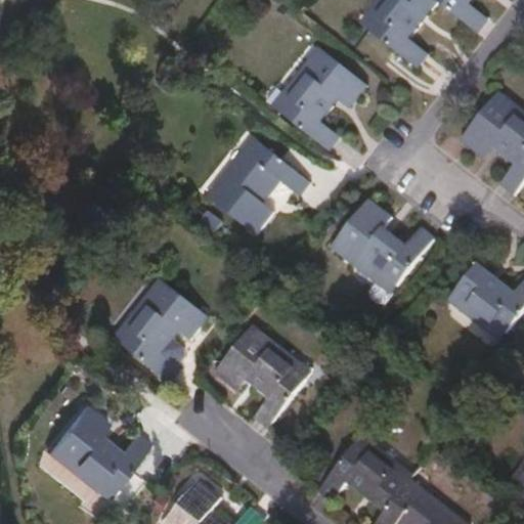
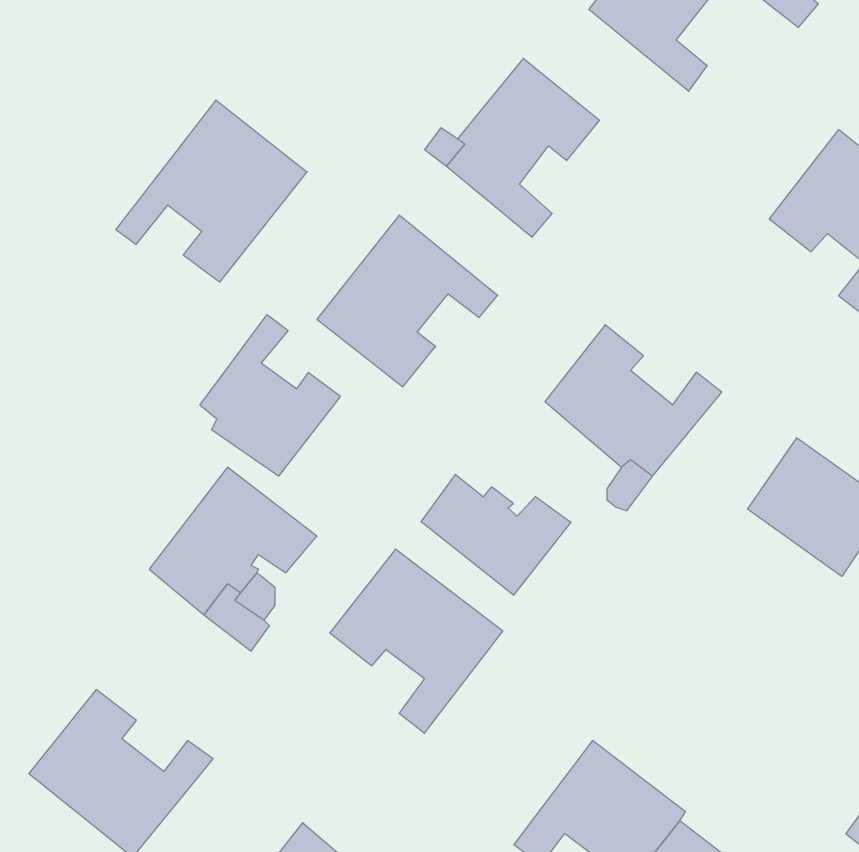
building: none -> [116,100,307,282]
building: none -> [200,315,340,476]
building: none -> [421,474,571,595]

